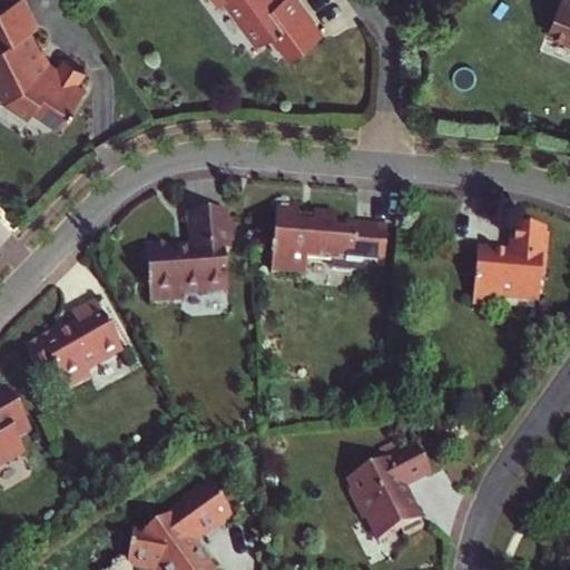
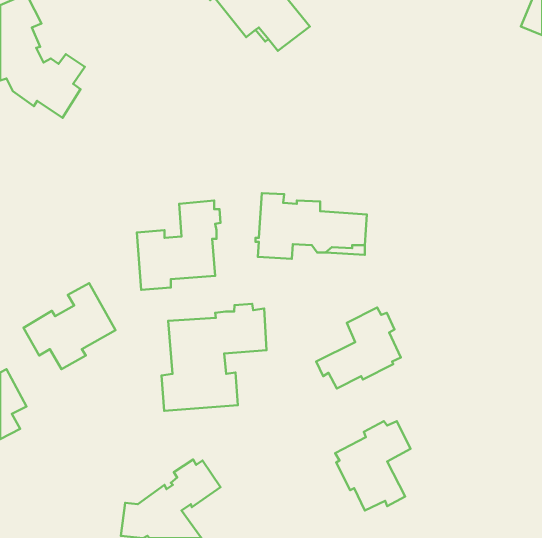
building: [472,227,552,308] -> none
building: none -> [162,304,266,411]
building: none -> [316,308,401,389]

